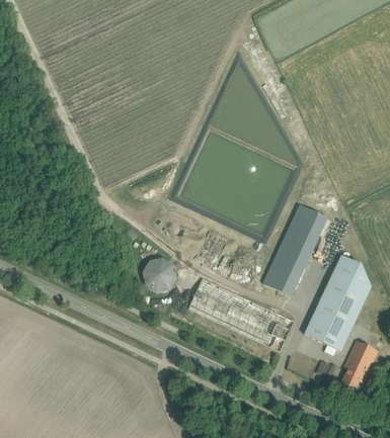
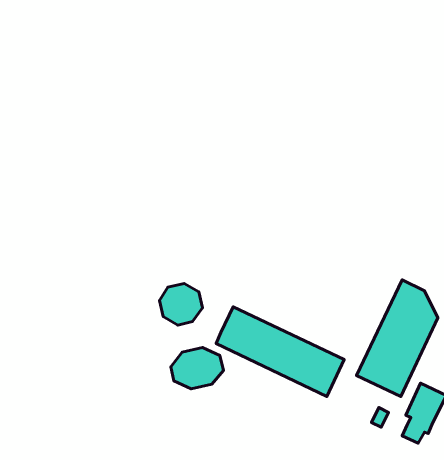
building: [263,203,327,295] -> none
building: none -> [171,347,223,389]

